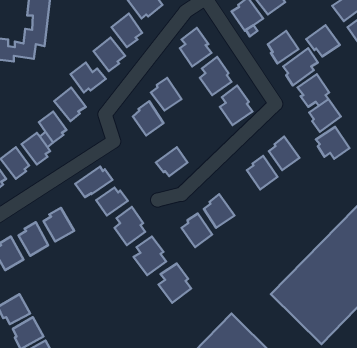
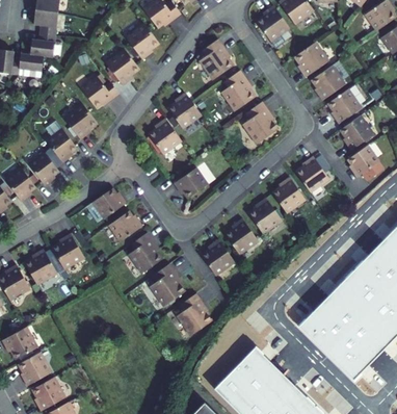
building: [306,25,340,57] -> none
building: none -> [248,198,282,234]

